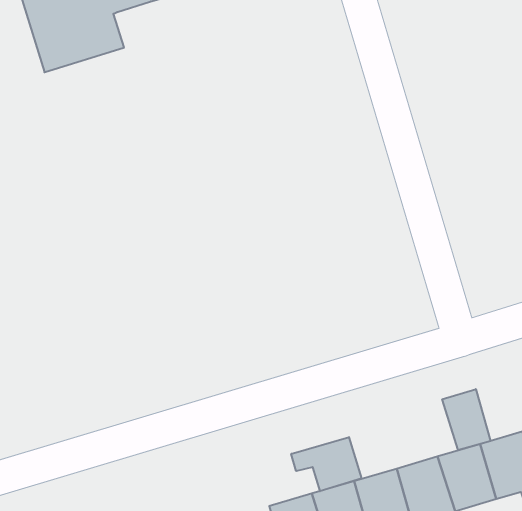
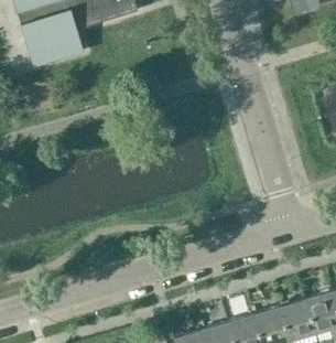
building: [442,389,490,450] -> none
building: [291,437,361,491] -> none

